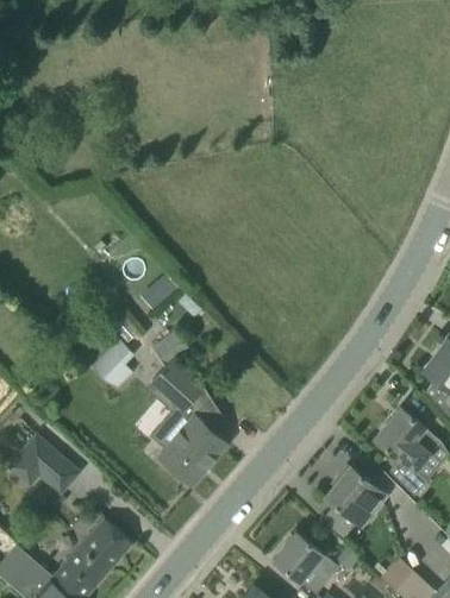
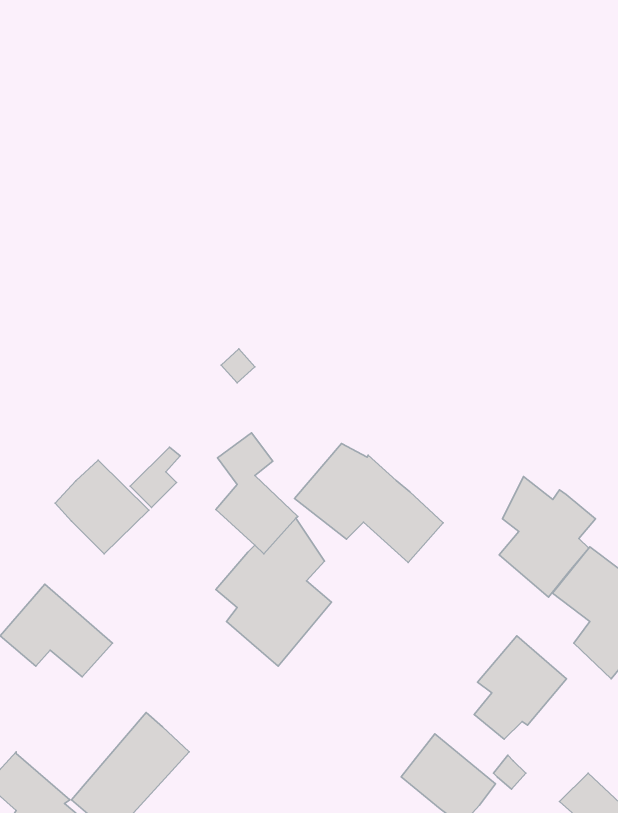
building: none -> [294,444,443,563]
building: none -> [55,460,149,554]
building: none -> [499,476,596,597]

